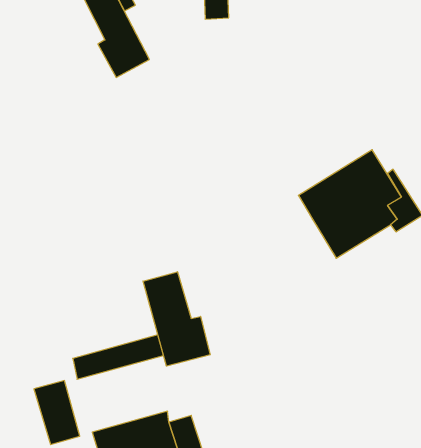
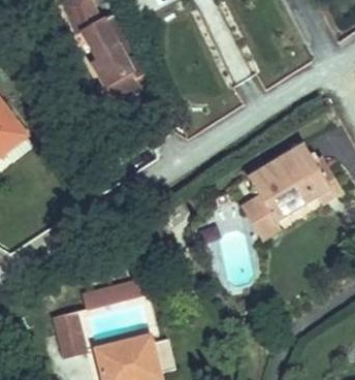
building: none -> [238,190,279,236]
building: [143,272,210,366] -> none

